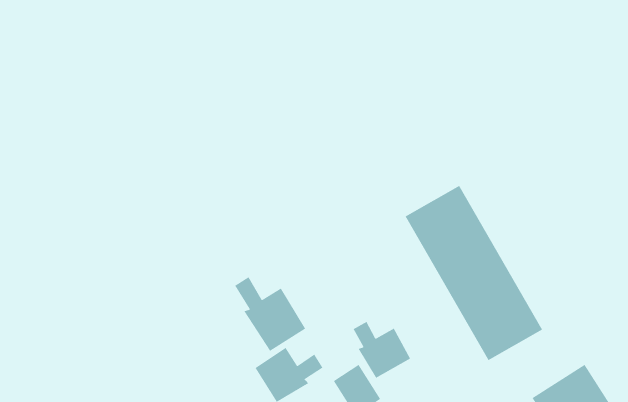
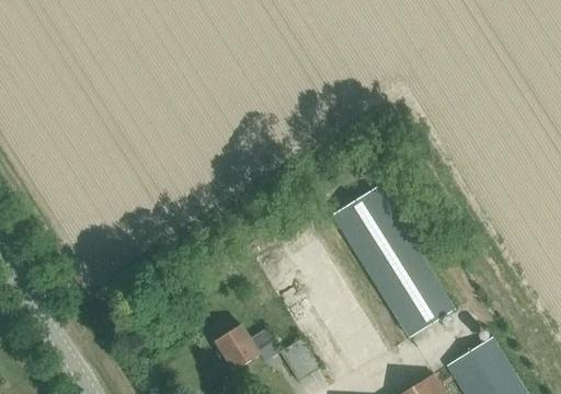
building: [234,276,306,352] -> none
building: [352,321,411,379] -> none

